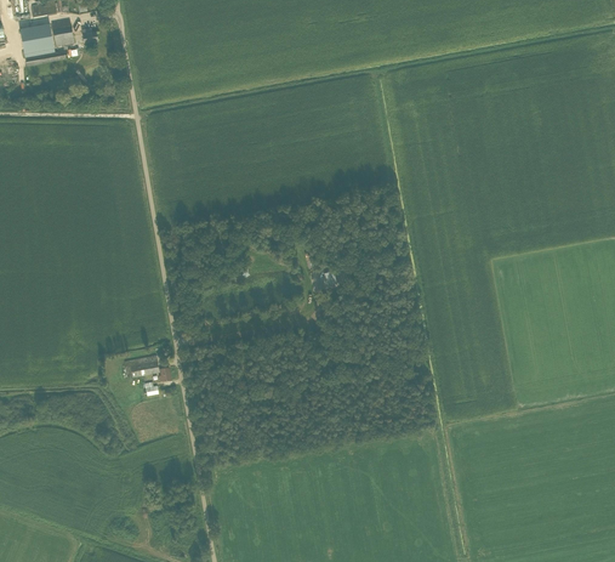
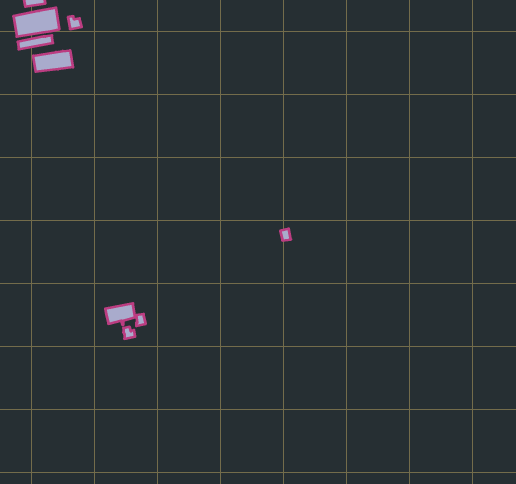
building: none -> [33,50,73,72]

